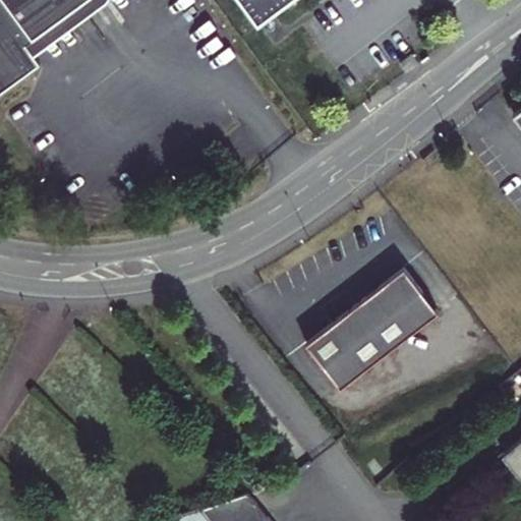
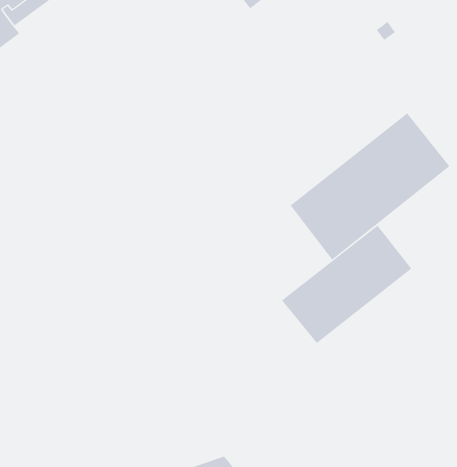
building: none -> [290,112,450,261]

